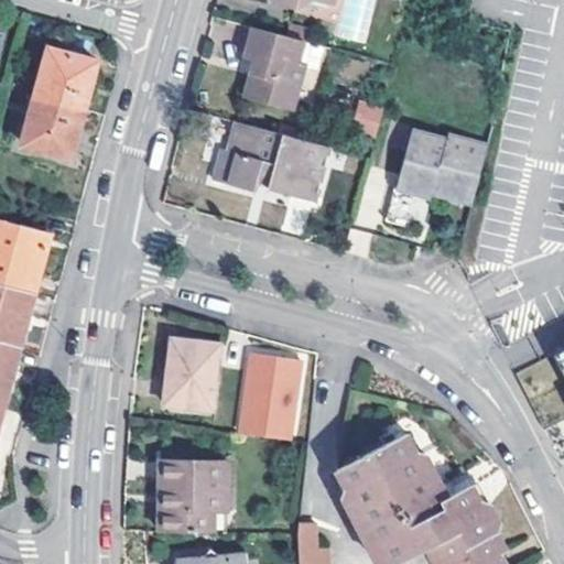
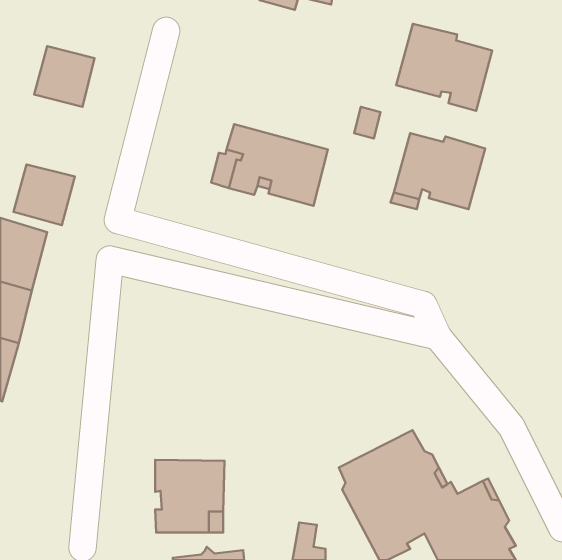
building: none -> [396,24,492,111]
building: [245,31,304,110] -> none
building: [21,95,83,155] -> [13,165,75,225]
building: [162,337,221,411] -> none
building: [241,357,299,440] -> none

